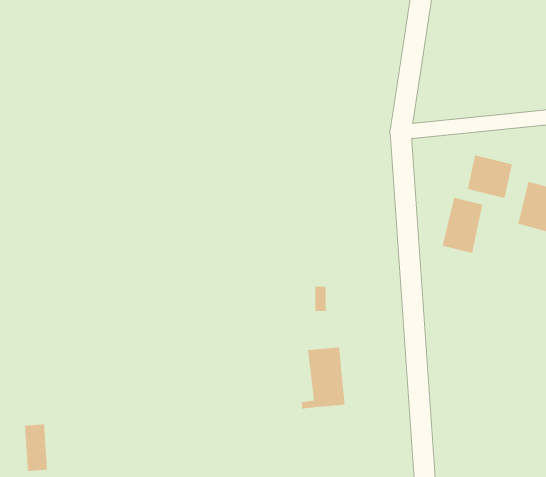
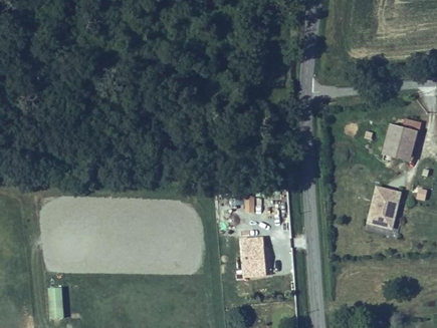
building: [467,155,512,199] -> none
building: [442,197,483,253] -> [370,188,398,226]

